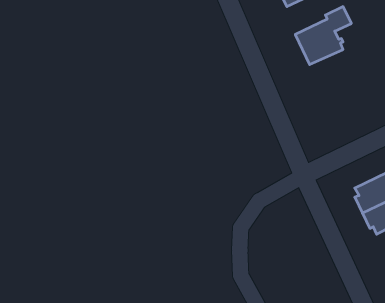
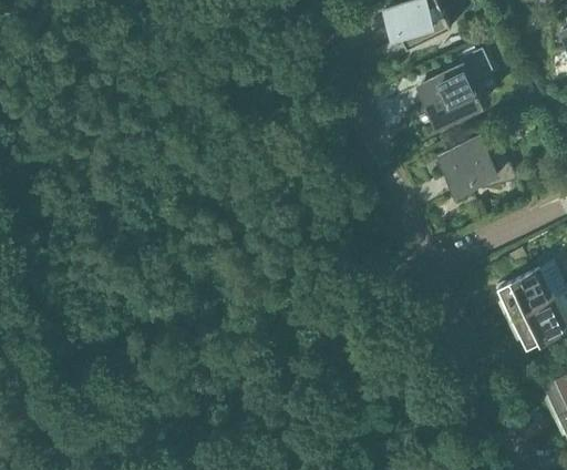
building: none -> [440,139,517,194]

